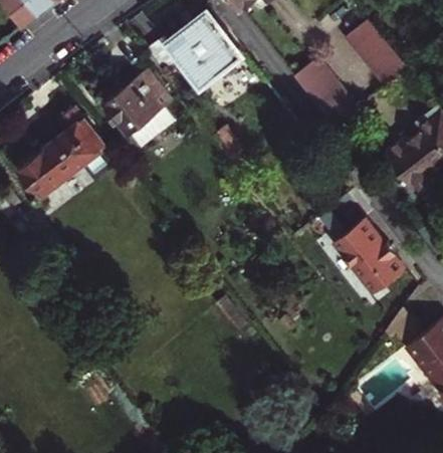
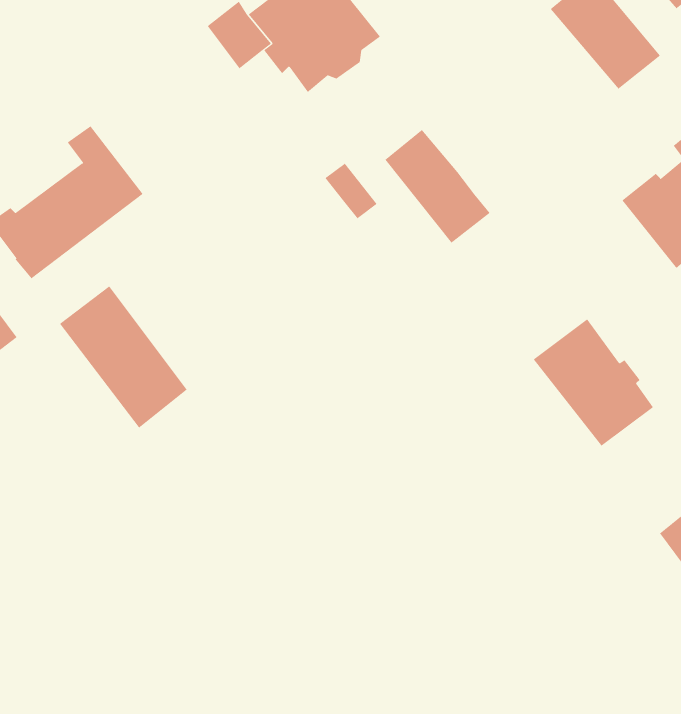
building: [292,59,355,127] -> [385,129,490,244]
building: [103,71,176,146] -> none
building: none -> [59,286,187,428]

